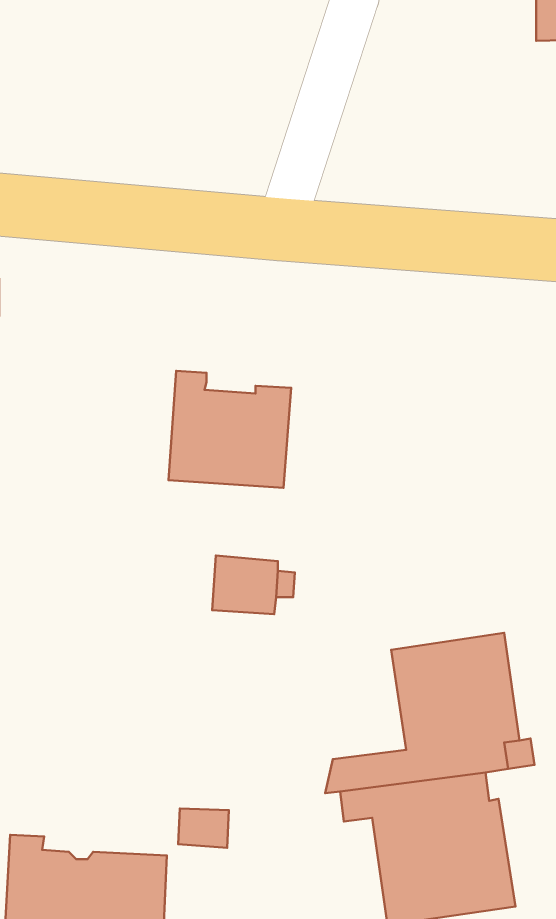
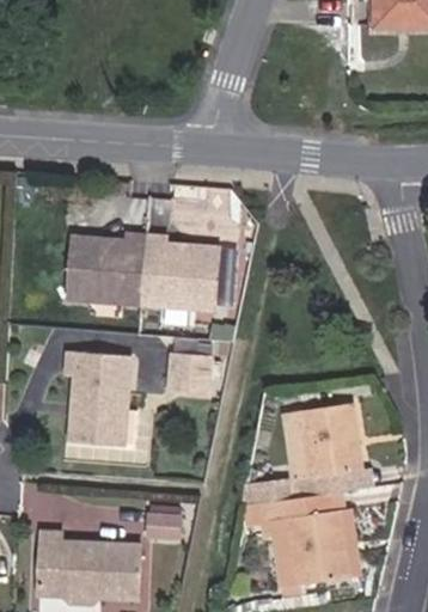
building: none -> [67,233,146,331]
building: none -> [65,353,136,445]

